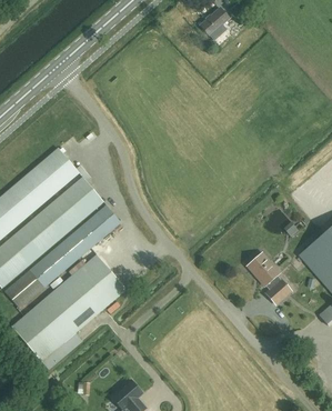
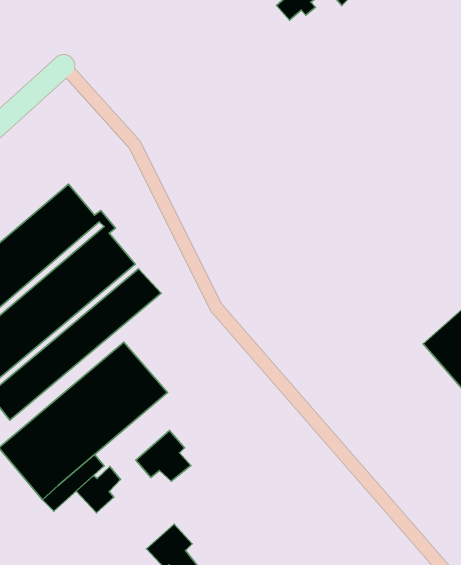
building: [248,252,291,302] -> none
building: none -> [136,430,191,481]
building: none -> [76,467,121,513]

